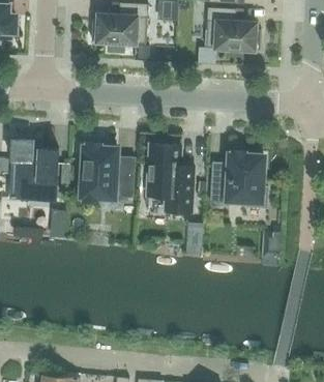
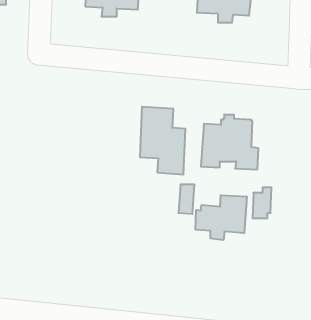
building: [9,139,58,199] -> none
building: [81,142,134,202] -> none
building: none -> [196,195,247,240]

